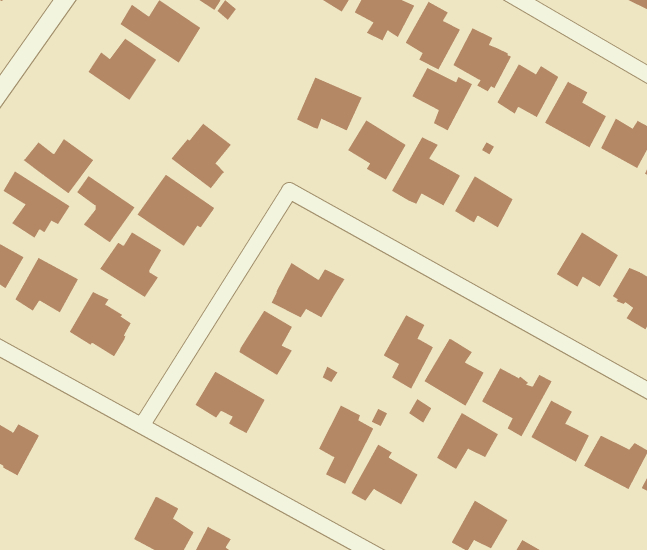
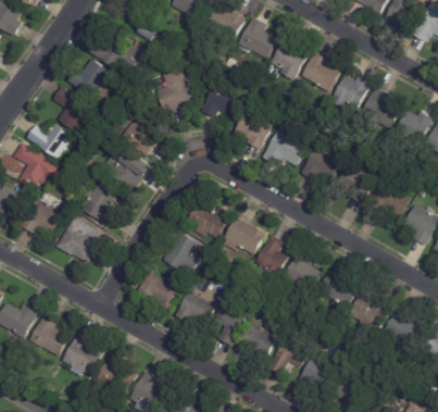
building: none -> [151,65,193,113]
building: [412,67,473,131] -> none
building: [76,175,136,243] -> [53,87,91,130]
building: none -> [339,164,376,202]
building: none -> [224,216,266,253]
building: none -> [175,284,217,326]
building: [436,412,499,470] -> [268,337,309,374]
building: none -> [29,313,68,355]
building: none -> [62,332,102,375]

